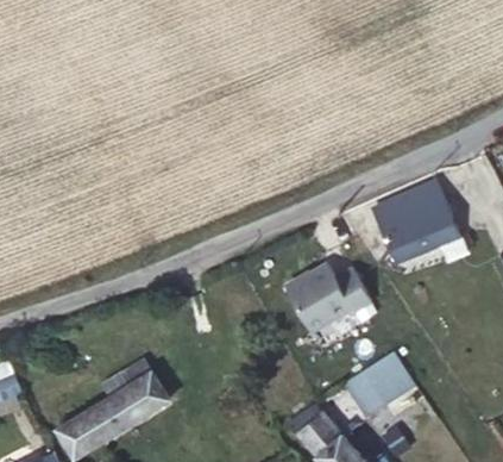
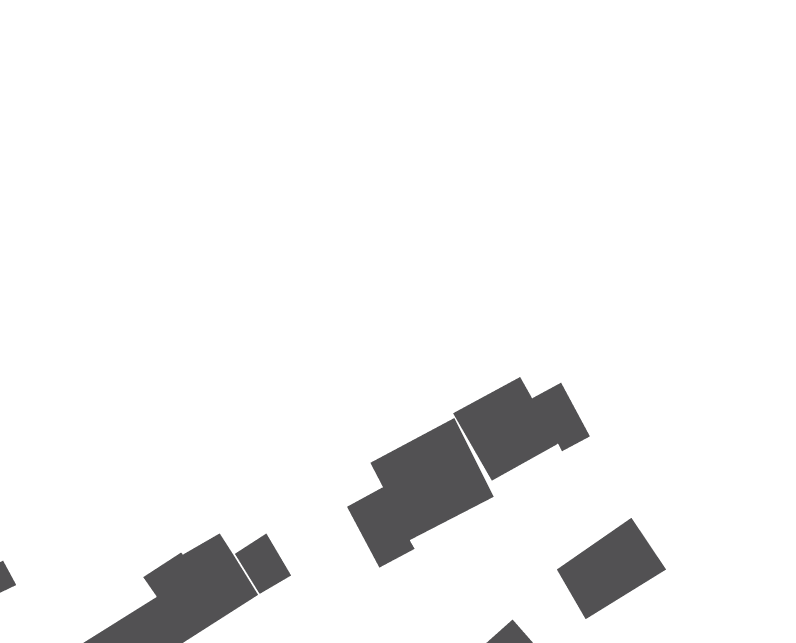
building: [372,182,460,264] -> none
building: none -> [346,417,494,569]

